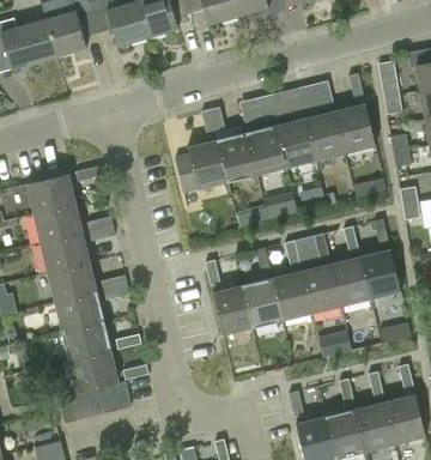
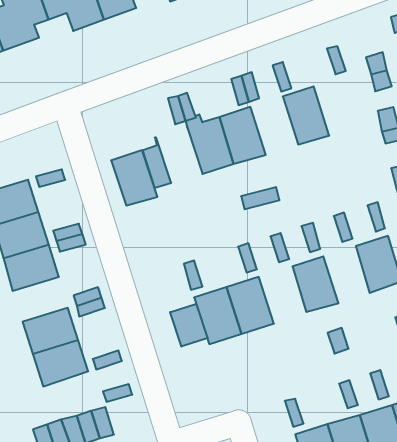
building: [334,102,375,155] -> none
building: [275,116,316,168] -> none
building: [188,138,227,187] -> [111,150,157,206]
building: [332,256,371,307] -> none
building: [48,265,97,303] -> none
building: [272,271,312,321] -> none
building: none -> [170,304,207,347]
building: [69,352,119,393] -> none

